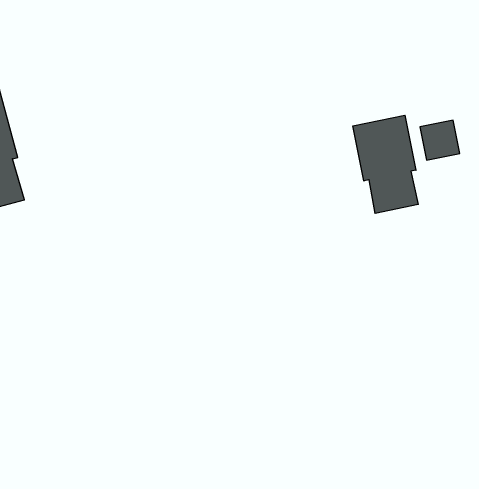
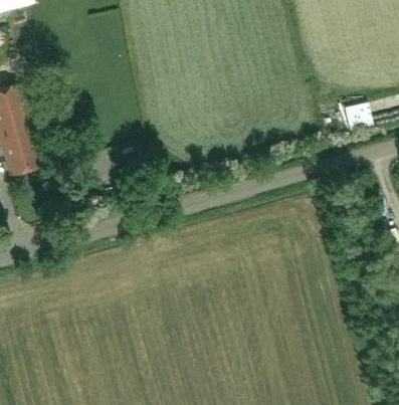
building: [353,115,418,213] -> none

